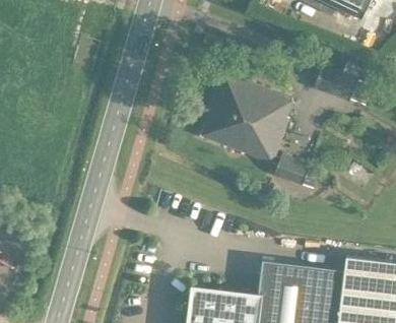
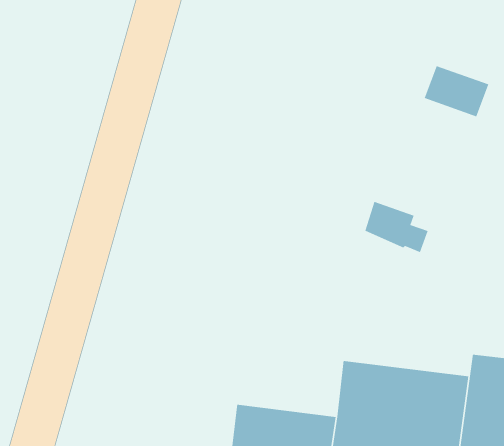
building: [201,74,293,163] -> none

